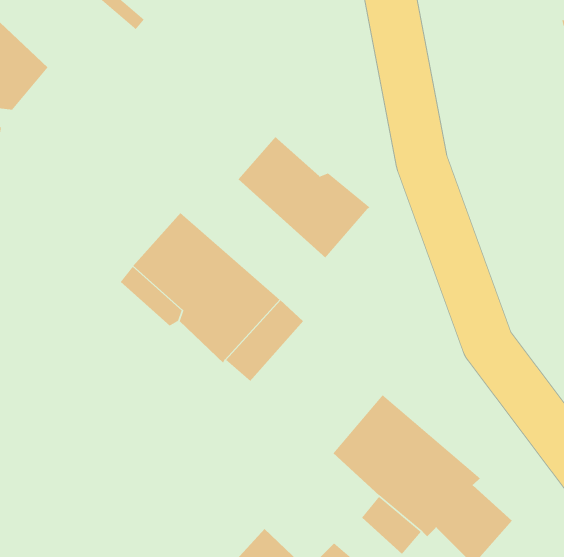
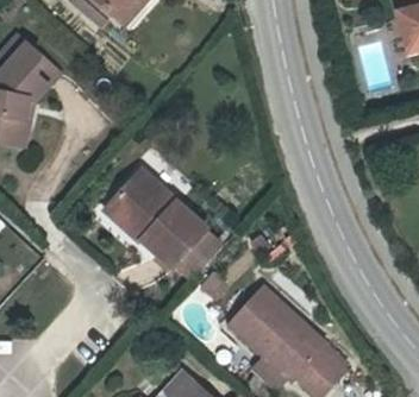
building: [237,136,371,258] -> none

